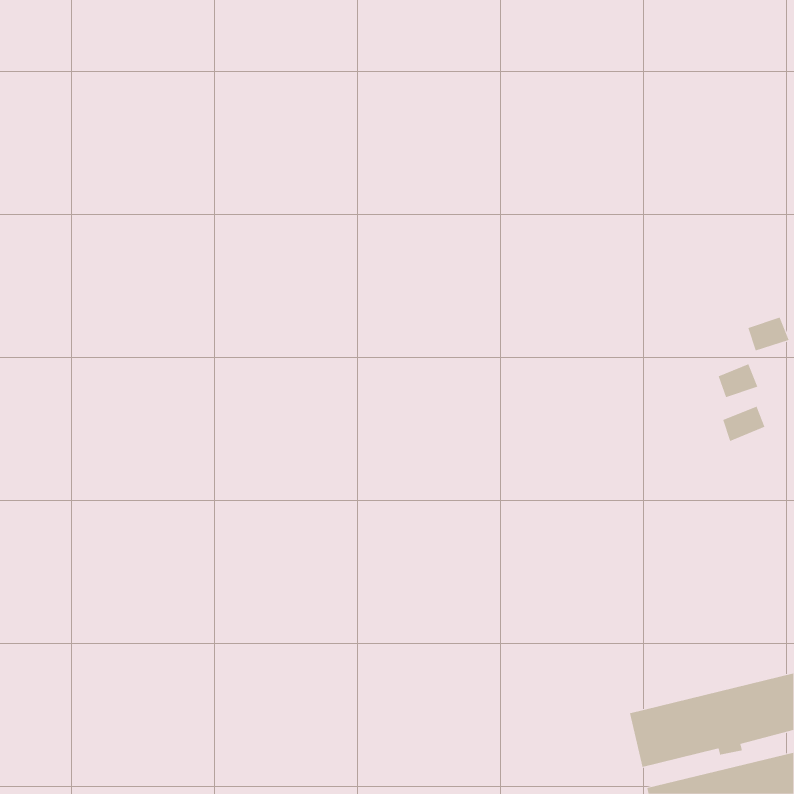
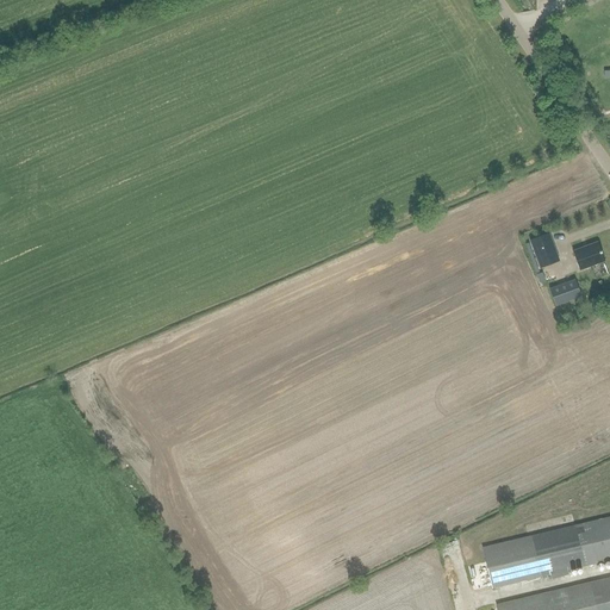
building: none -> [530,234,559,268]
building: [723,406,765,442] -> none

